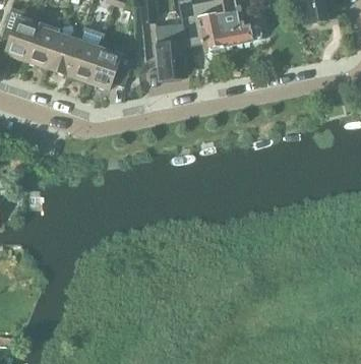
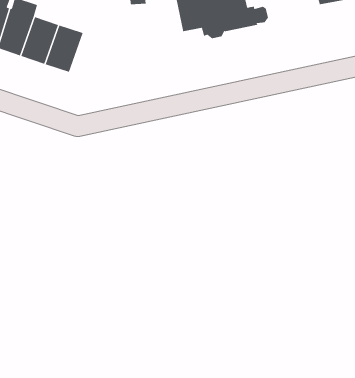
building: [154,24,184,79] -> none
building: [86,47,131,88] -> none

